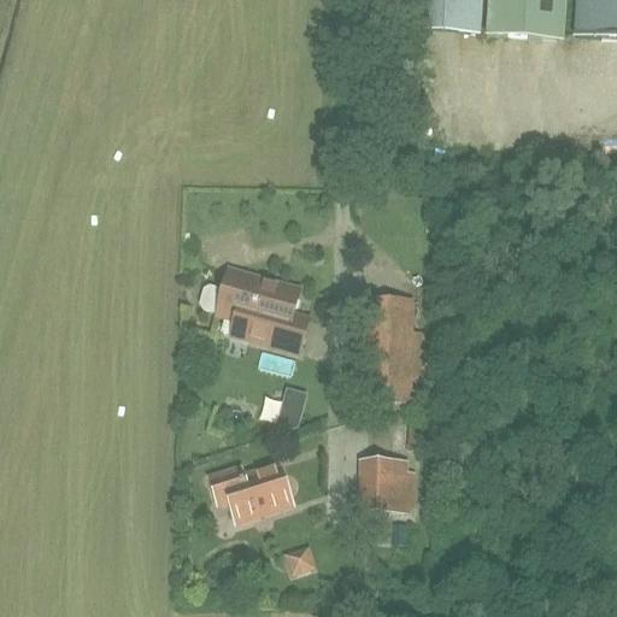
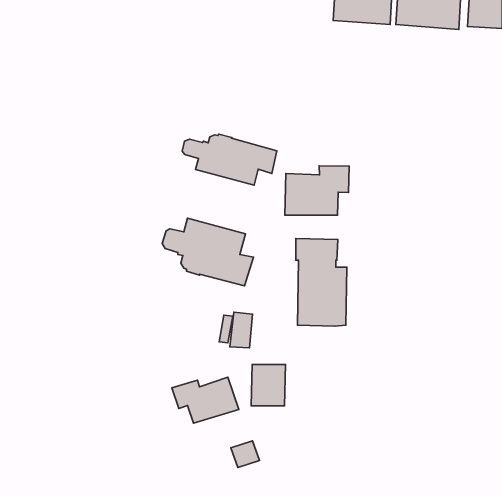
building: none -> [182,134,277,185]
building: none -> [285,166,349,215]
building: [363,459,405,510] -> [251,365,286,406]

